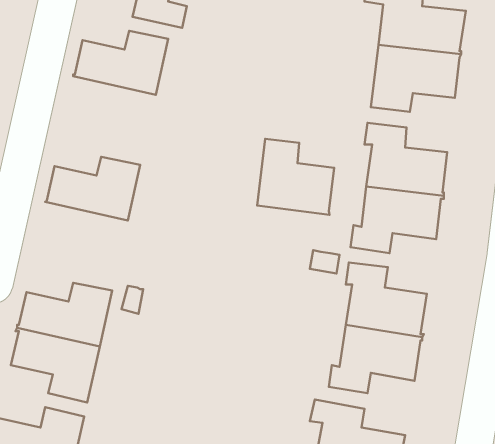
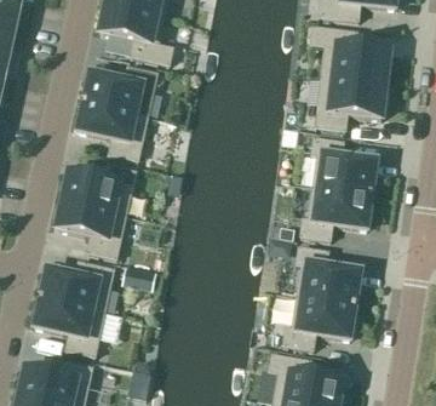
building: none -> [80,101,149,159]
building: [257,139,334,215] -> none
building: none -> [58,199,127,257]

